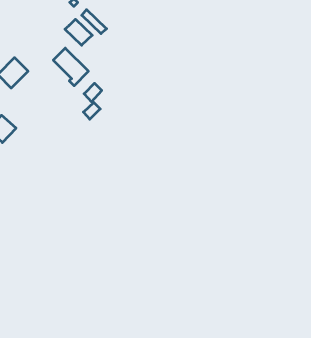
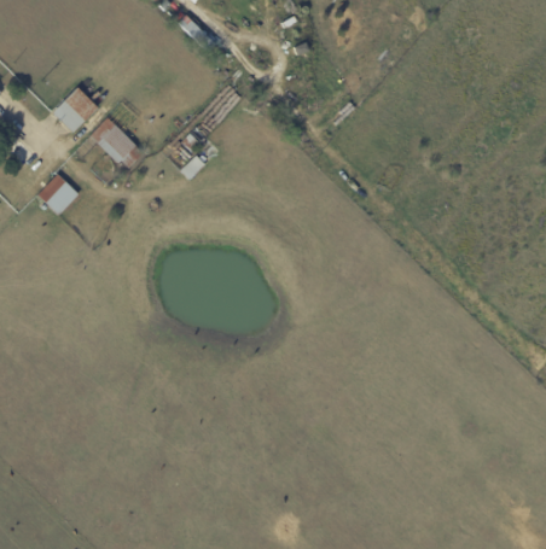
building: [65,19,92,45] -> none
building: [53,48,88,86] -> [91,117,144,174]

